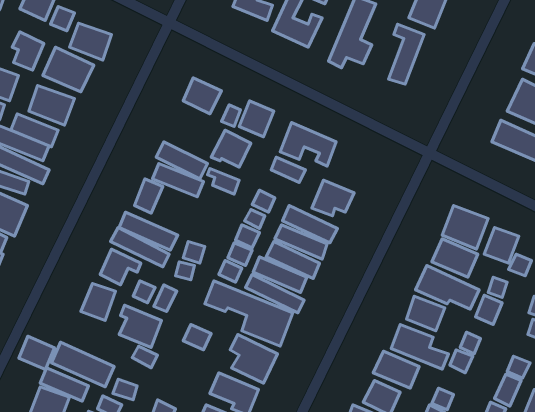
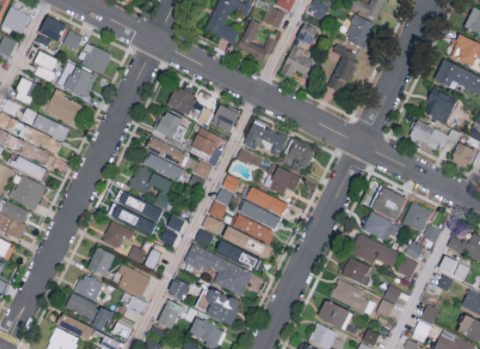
building: none -> [156,111,185,140]
building: none -> [284,139,313,174]
building: none -> [147,172,172,208]
building: [19,336,54,370] -> [75,274,103,300]
building: none -> [157,299,182,329]

